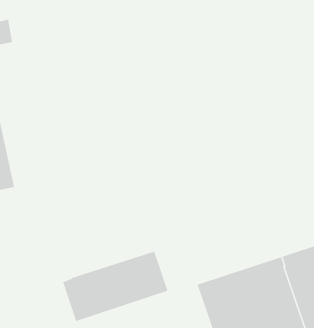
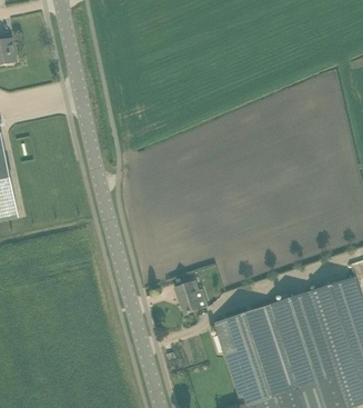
building: none -> [173,280,200,314]
building: [62,251,168,322] -> none

